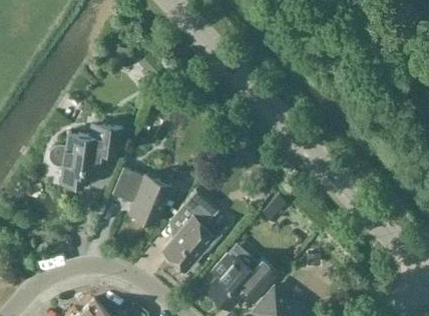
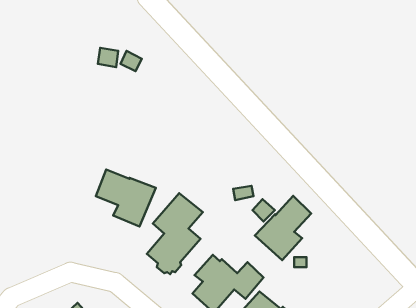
building: [49,126,122,187] -> none
building: none -> [255,196,311,260]

